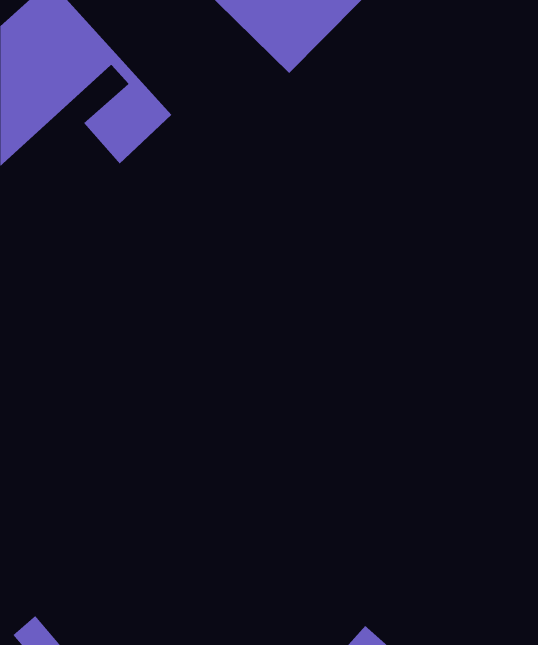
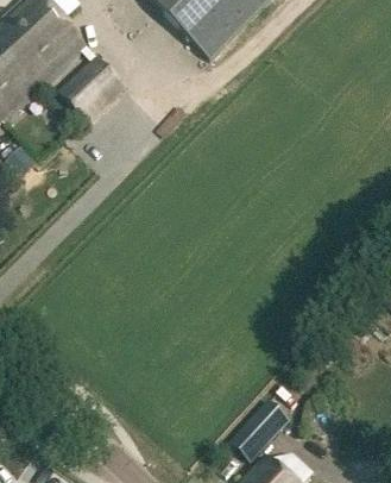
building: none -> [227,393,289,456]

